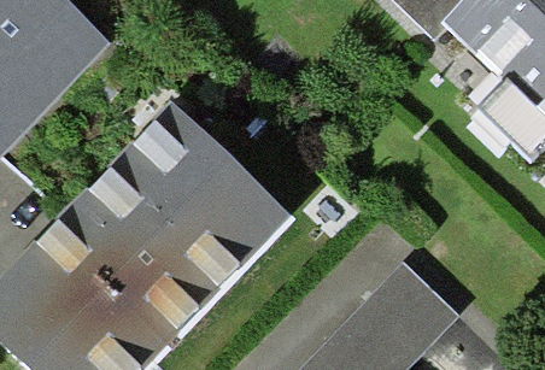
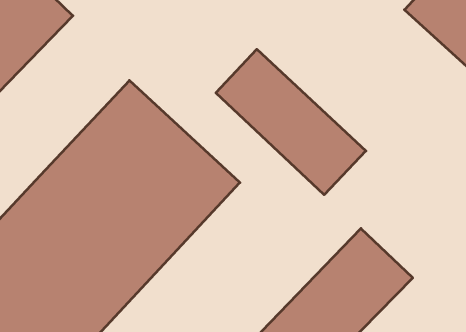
building: none -> [216,49,366,195]

